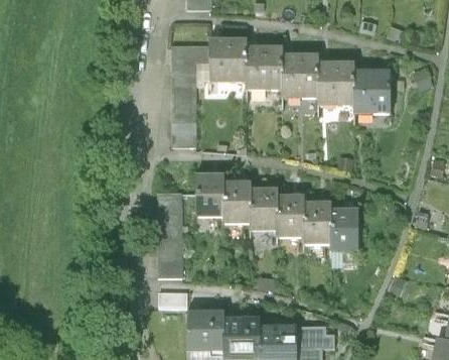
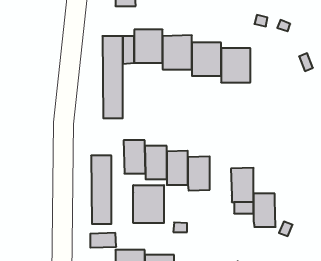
building: [353,69,390,111] -> none
building: [303,202,330,243] -> [254,194,276,227]
building: none -> [133,185,164,223]

